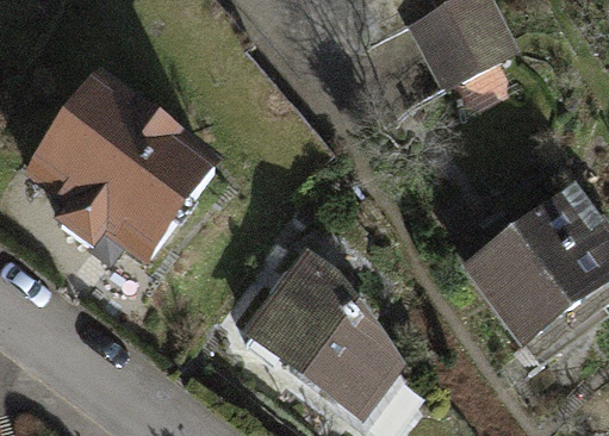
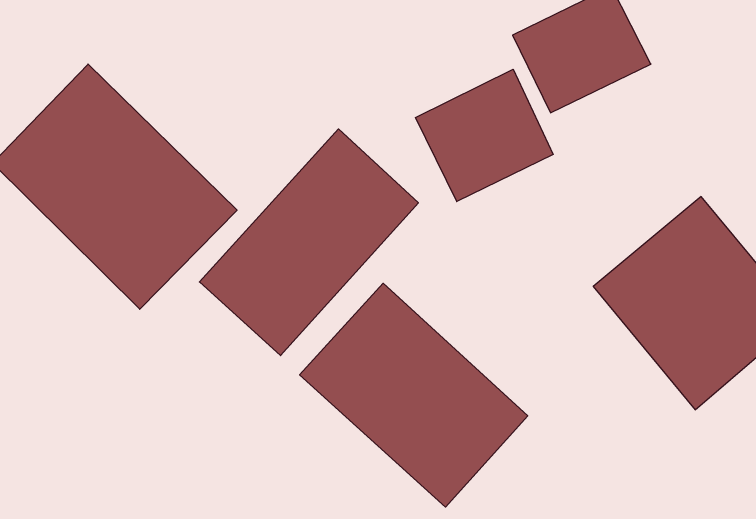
building: none -> [416,69,553,202]
building: none -> [199,129,418,356]

